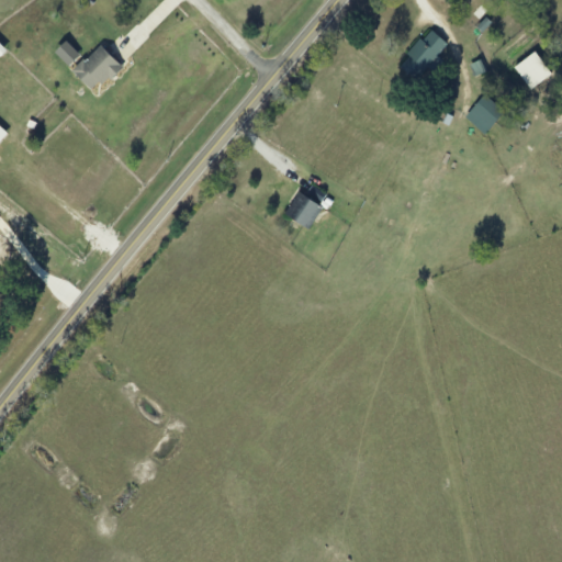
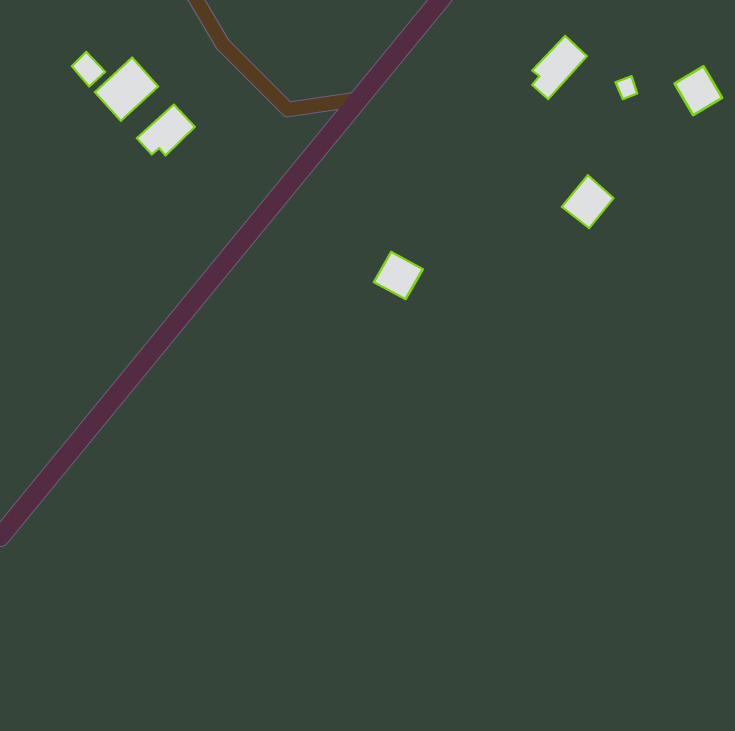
building: none -> [137,104,195,156]
building: [464,93,504,134] -> [562,175,614,228]

